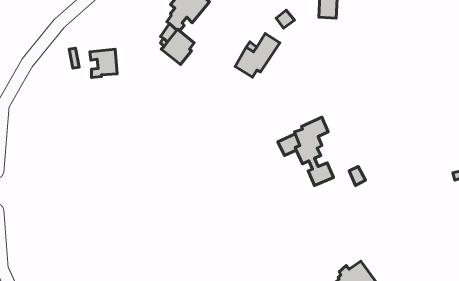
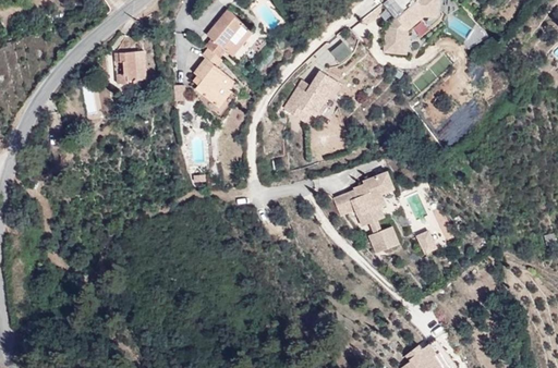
building: [90,49,117,77] -> [113,51,146,85]

